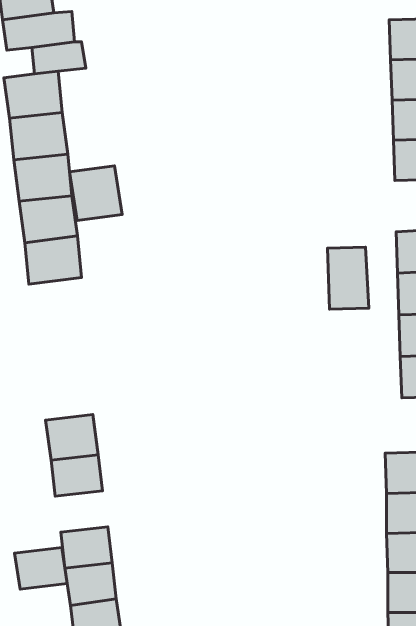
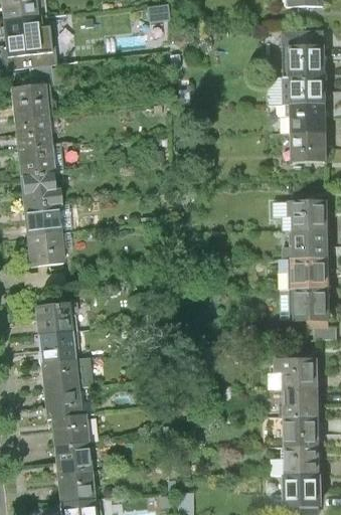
building: [70,166,122,220] -> none
building: [328,247,369,309] -> none
building: none -> [25,231,67,267]
building: none -> [33,301,71,335]
building: [15,548,67,589] -> [44,386,82,416]

